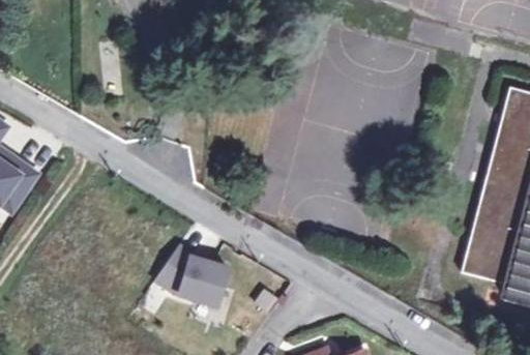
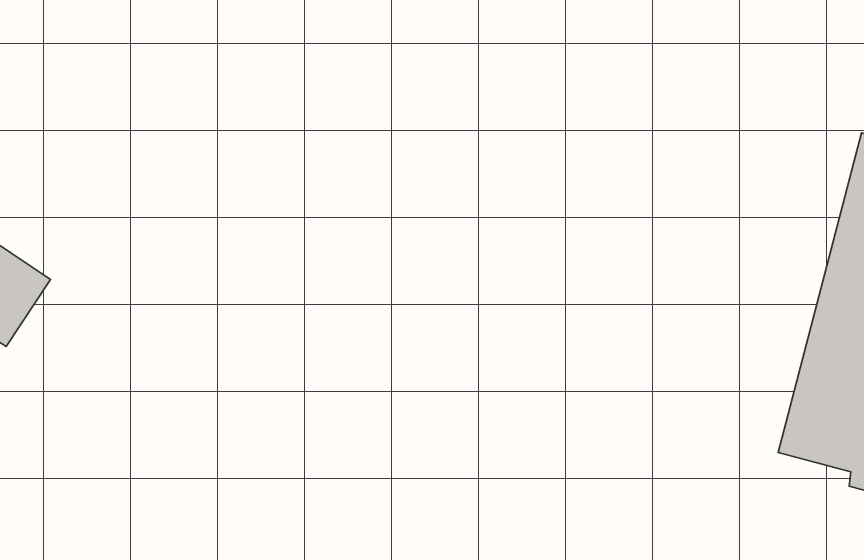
building: [156,246,227,305] -> none

